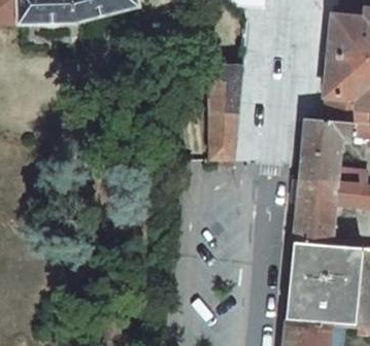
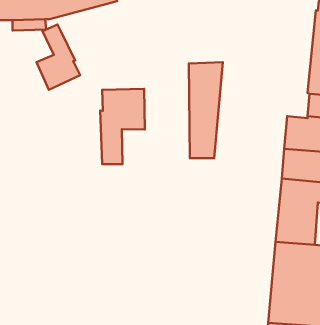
building: none -> [36,24,80,90]
building: none -> [100,89,145,164]

